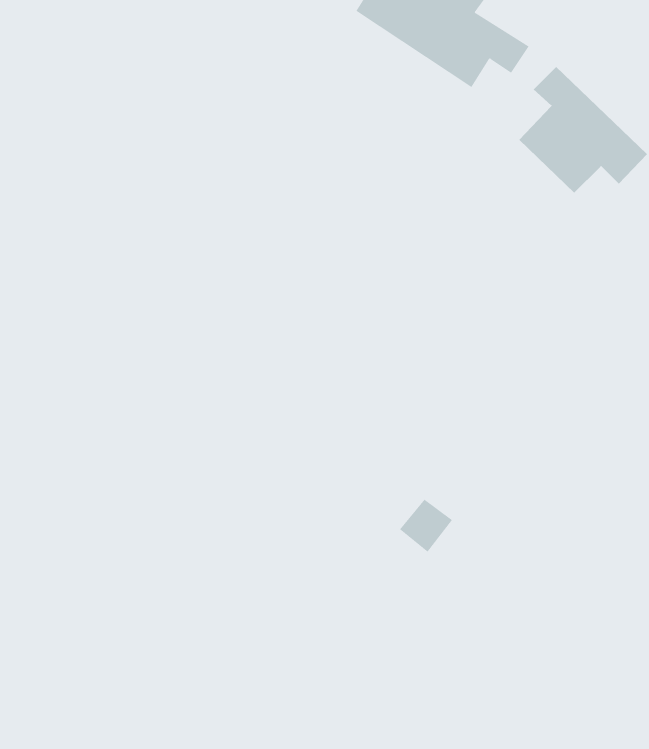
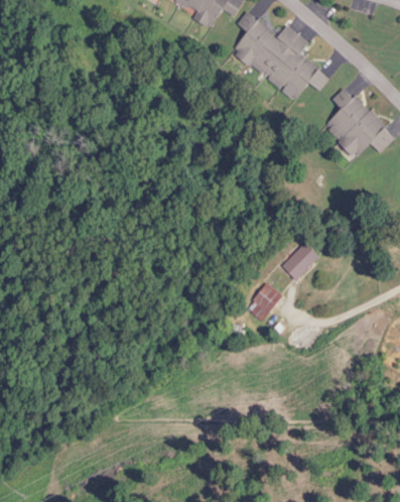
building: none -> [281,242,318,279]
building: [399,499,453,552] -> [252,282,282,312]

